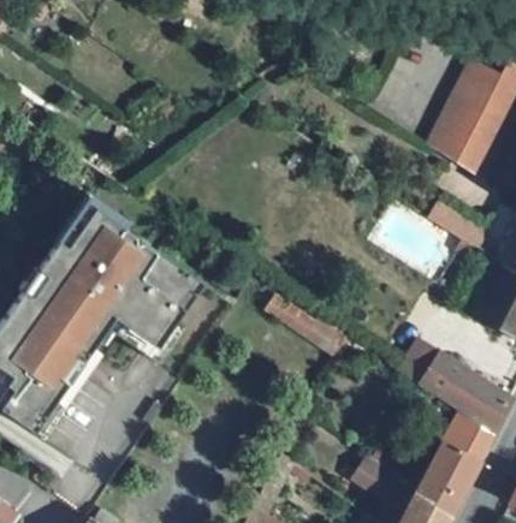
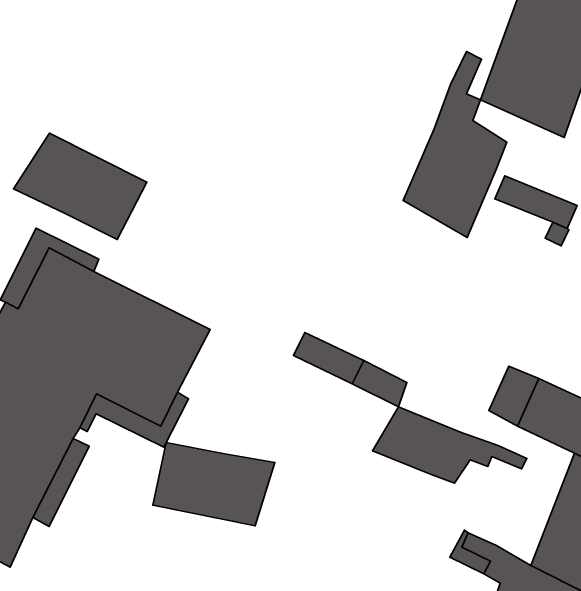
building: none -> [403,52,507,237]
building: none -> [13,133,147,239]
building: none -> [372,407,527,483]
building: none -> [153,442,275,526]

